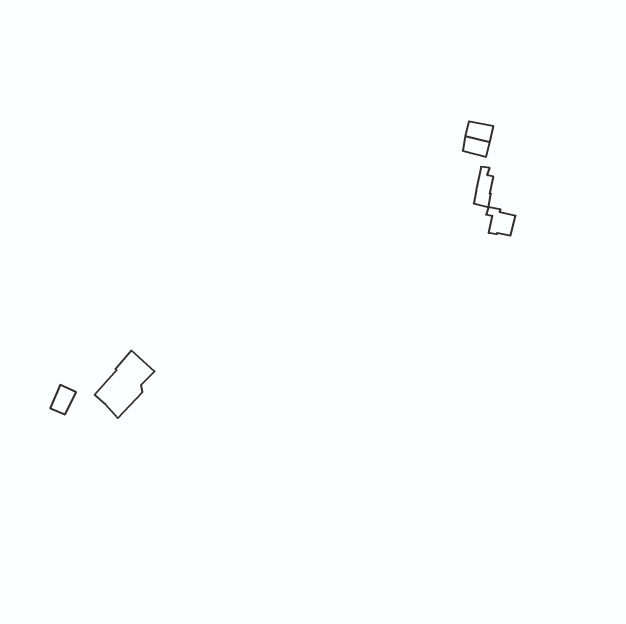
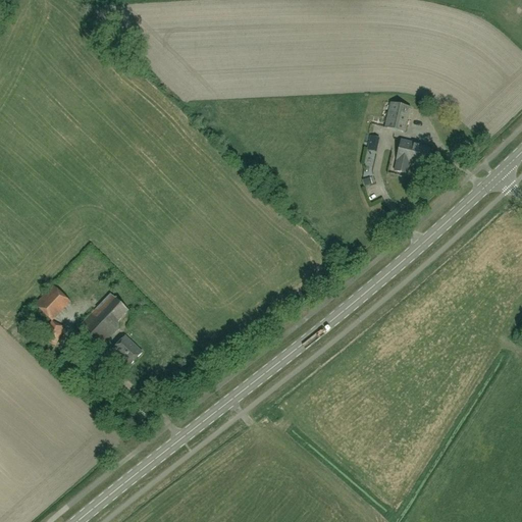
building: [486,207,516,235] -> [405,140,429,163]
building: none -> [38,284,71,318]
building: none -> [111,334,141,364]

